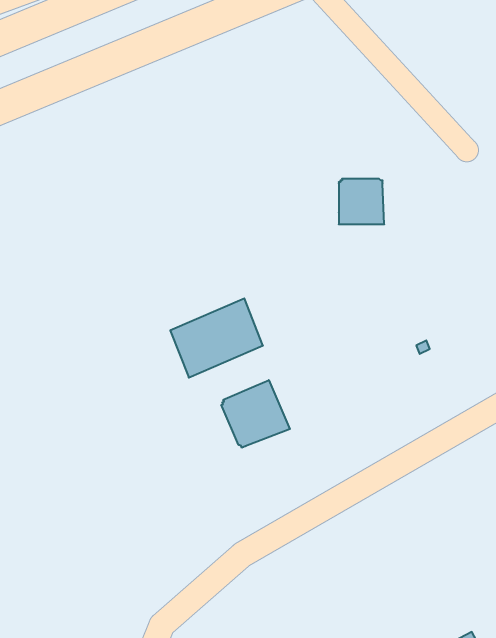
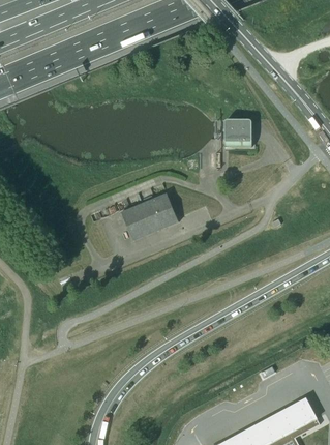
building: [221,380,290,448] -> none

